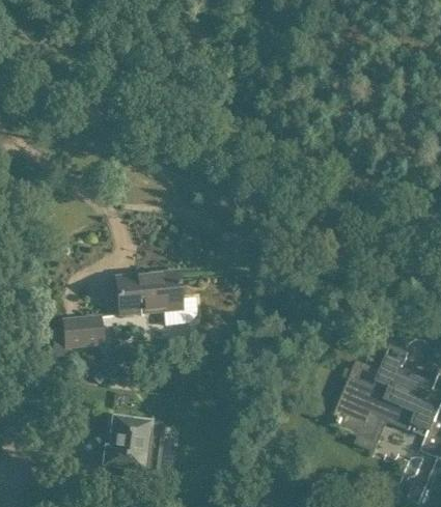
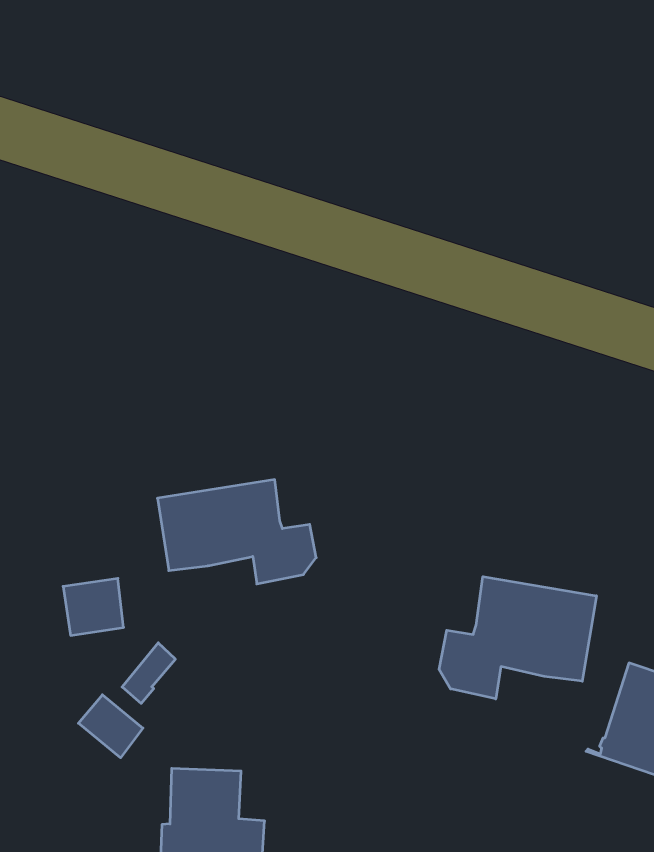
building: none -> [439,577,596,699]
building: none -> [78,695,143,758]

